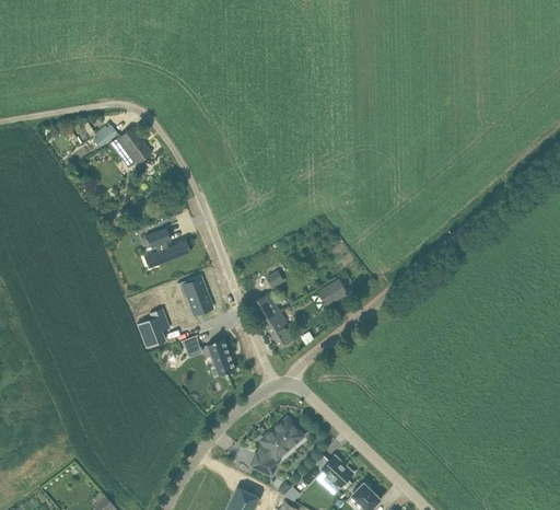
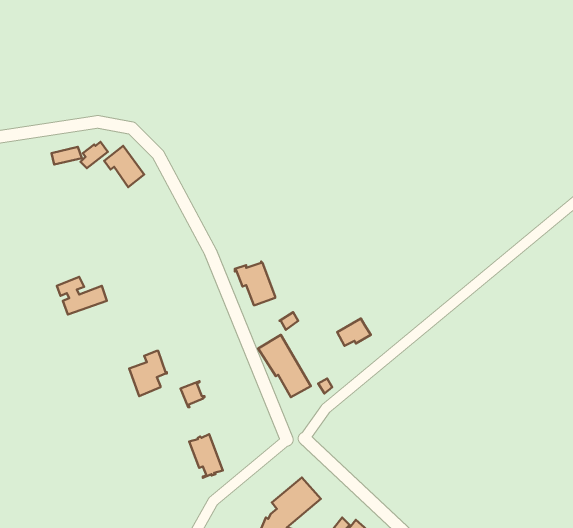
building: [145,231,189,264] -> [57,277,107,314]
building: [176,277,211,315] -> [235,261,275,305]
building: [206,338,235,376] -> [189,434,223,478]

